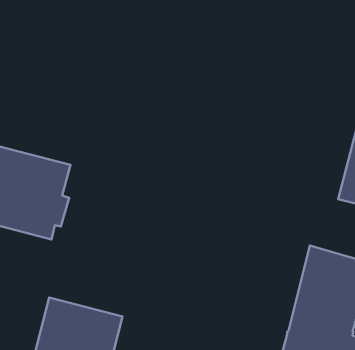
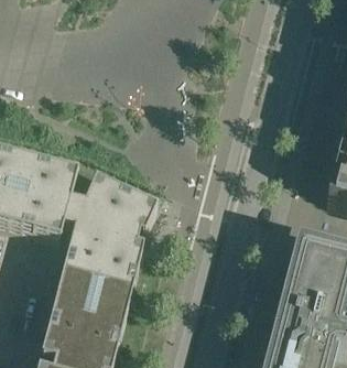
building: none -> [58,174,158,307]

